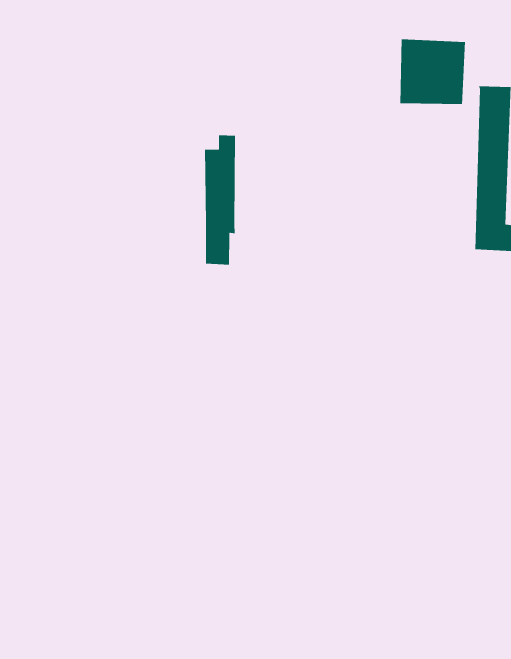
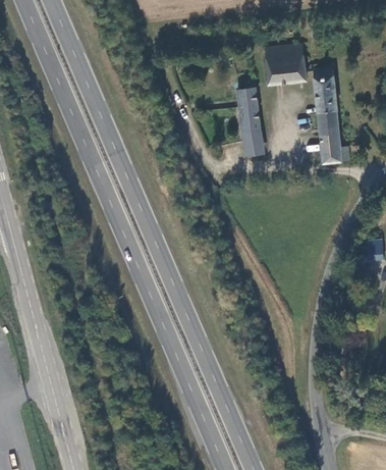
building: [204,135,236,265] -> [236,81,261,157]

